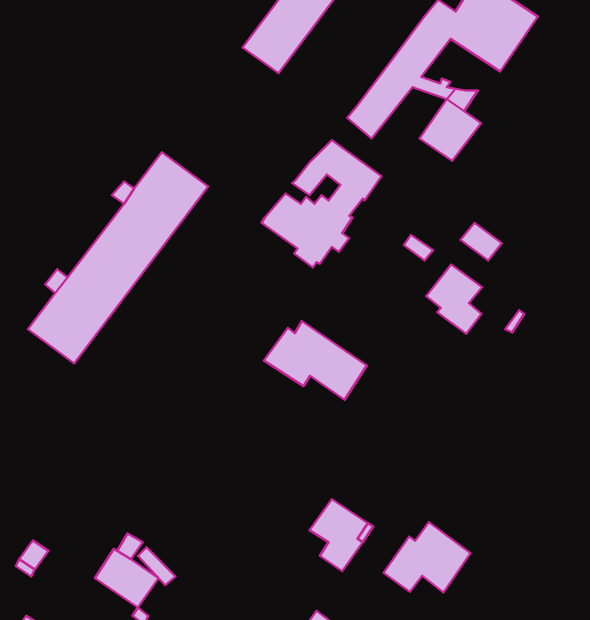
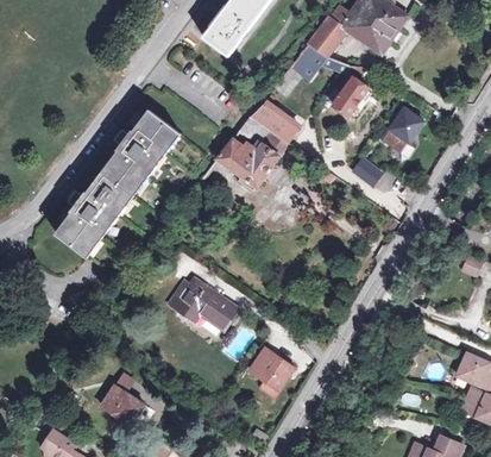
building: none -> [383,107,424,152]
building: [426,264,482,334] -> none
building: [264,321,367,400] -> [168,276,239,331]
building: [383,522,470,592] -> none

